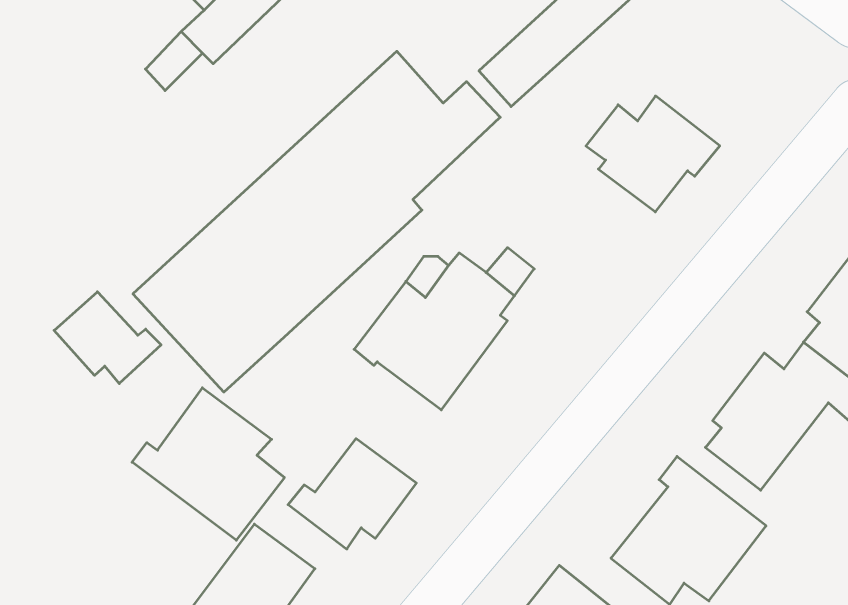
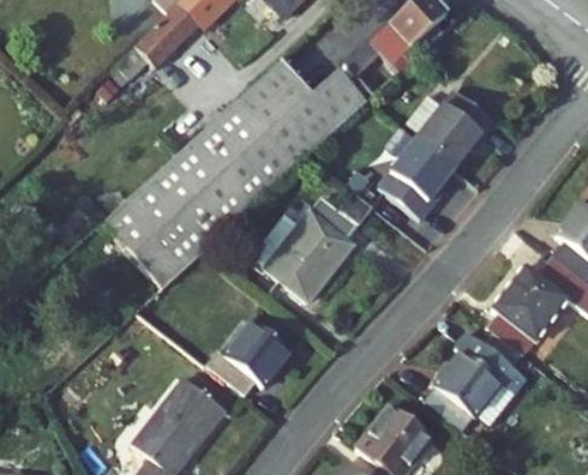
building: none -> [379,139,454,220]
building: [54,292,161,384] -> none
building: [132,388,284,540] -> none

